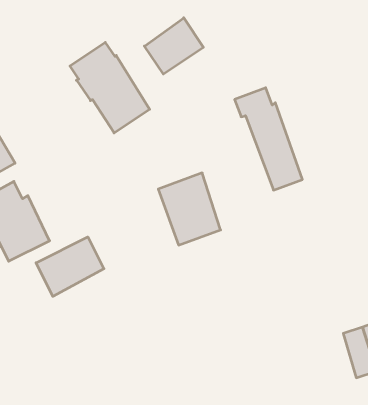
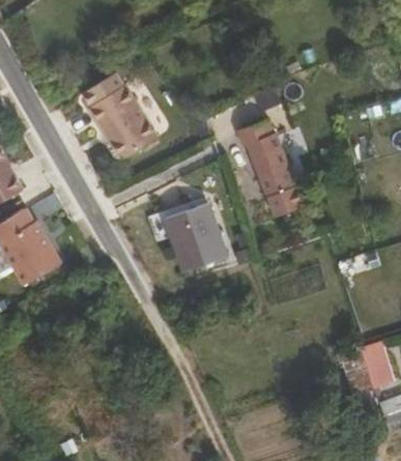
building: [144,18,203,74] -> none
building: [36,237,104,296] -> none

